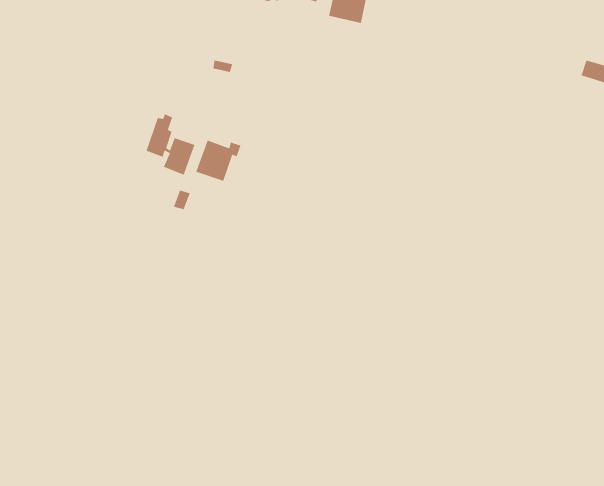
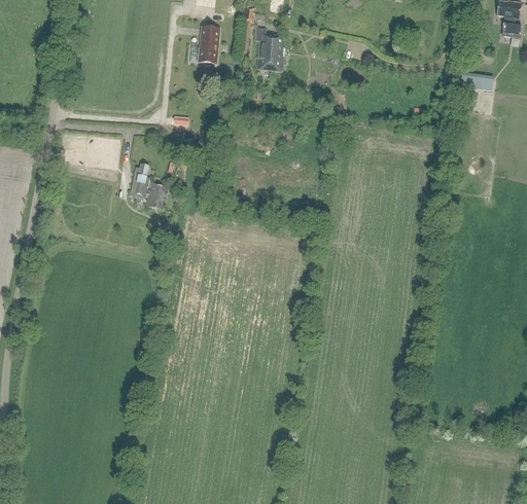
building: [195,139,241,182] -> none

